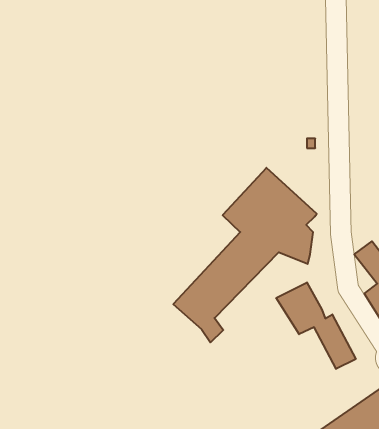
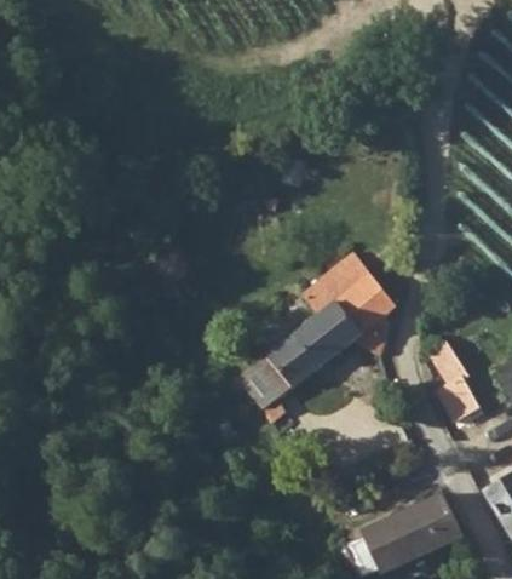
building: [276,282,356,369] -> none

